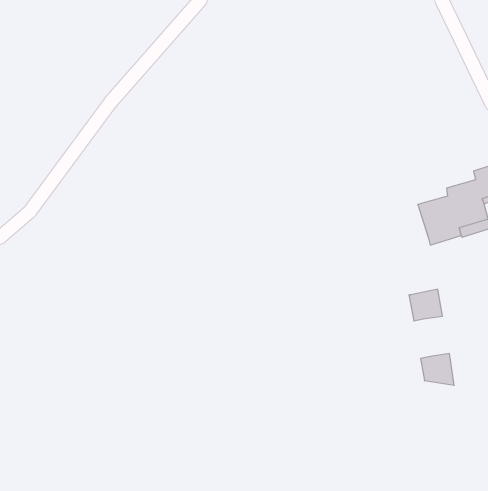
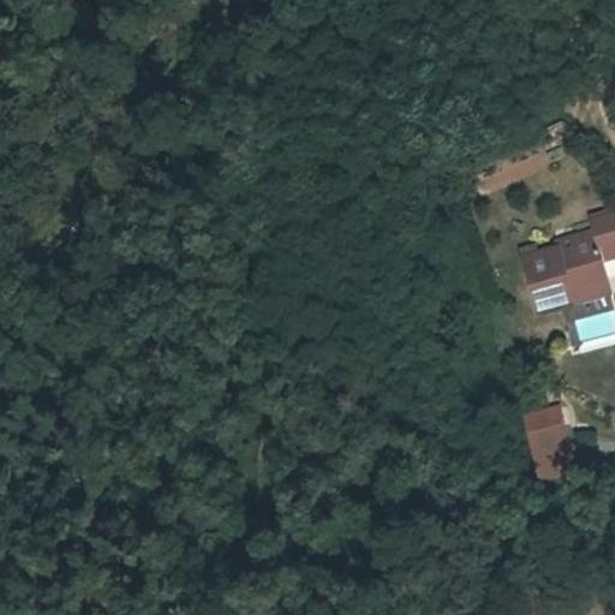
building: [409,289,443,321] -> [524,408,566,448]

